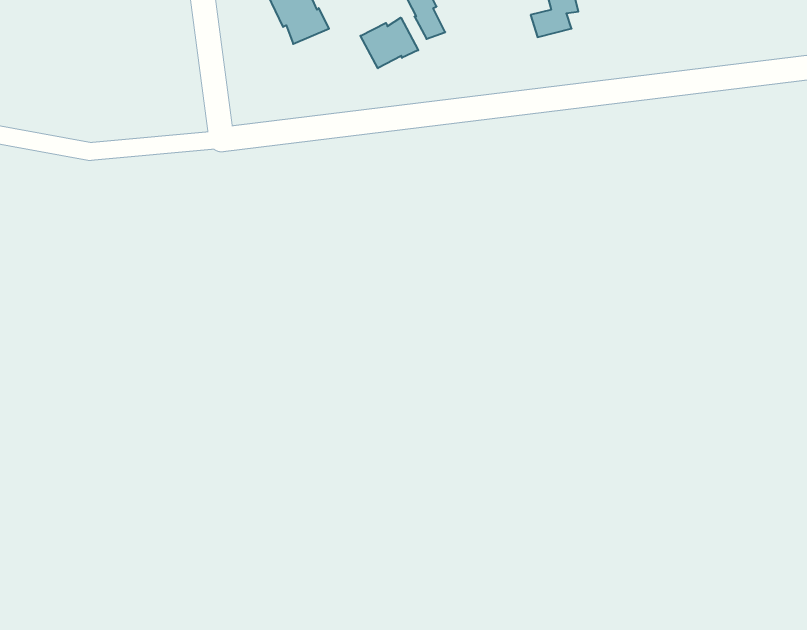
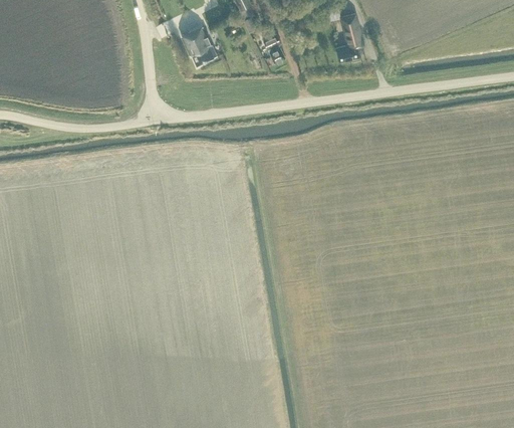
building: [360,18,418,68] -> none

